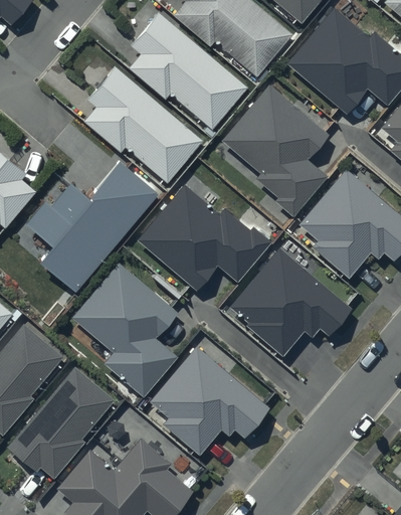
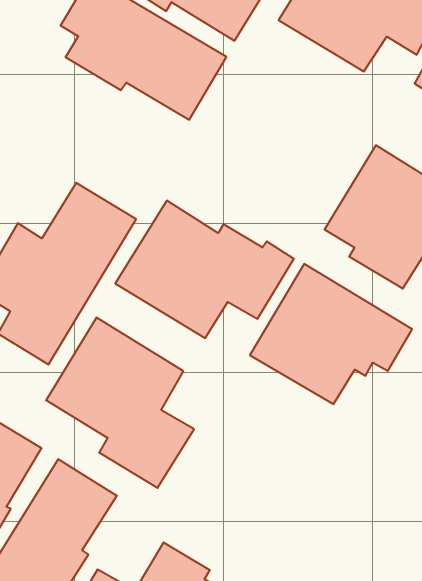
building: [81,66,202,181] -> none
building: [222,85,330,219] -> none
building: [149,347,271,459] -> none

